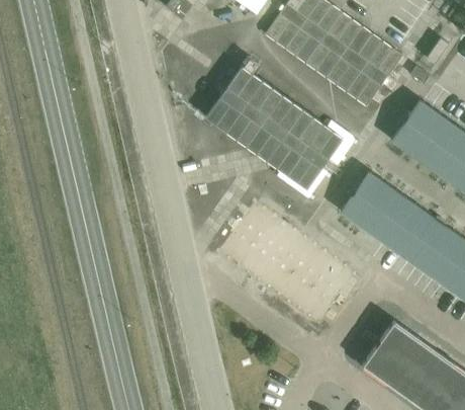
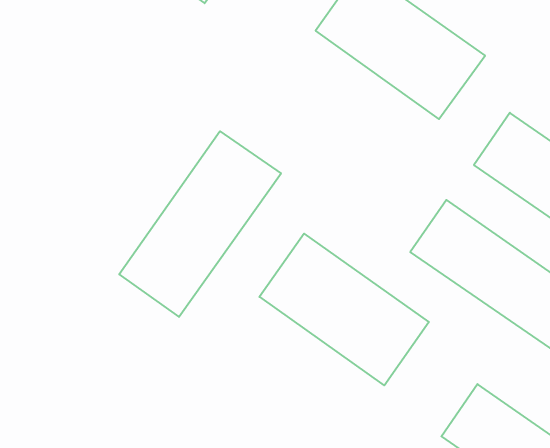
building: [206,65,346,186] -> none
building: none -> [119,131,281,317]

